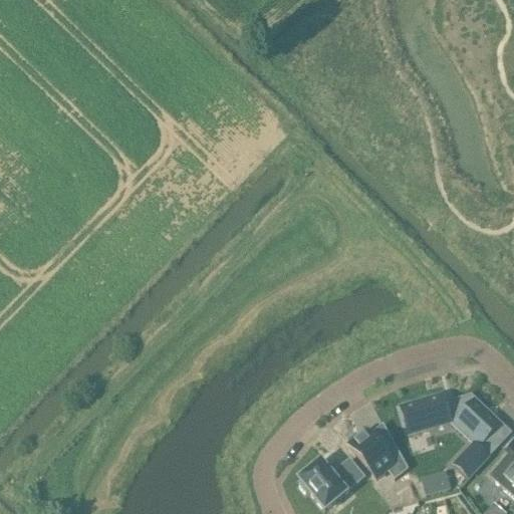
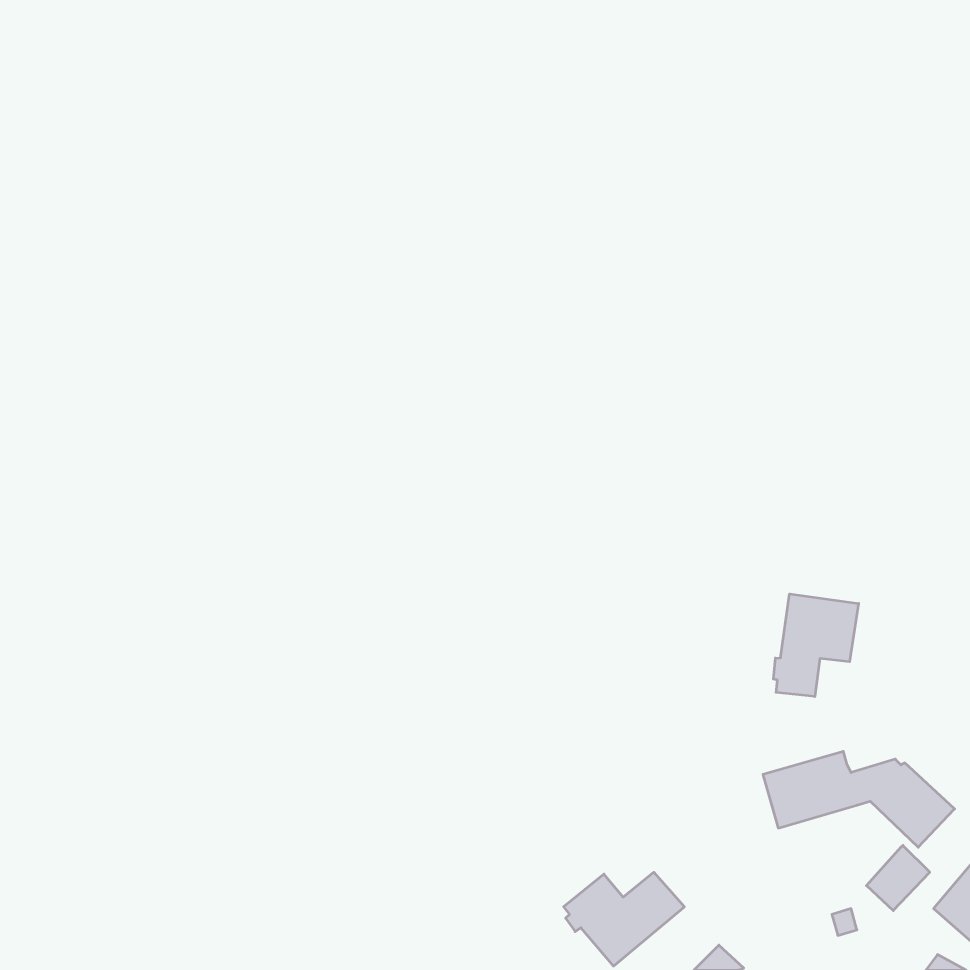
building: none -> [773,594,859,697]
building: [349,426,397,479] -> none

